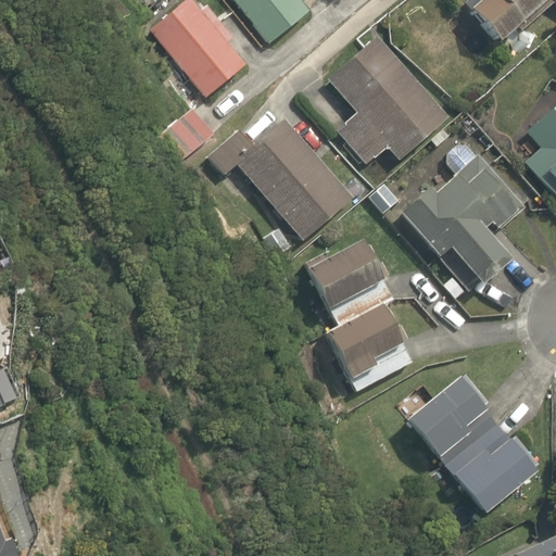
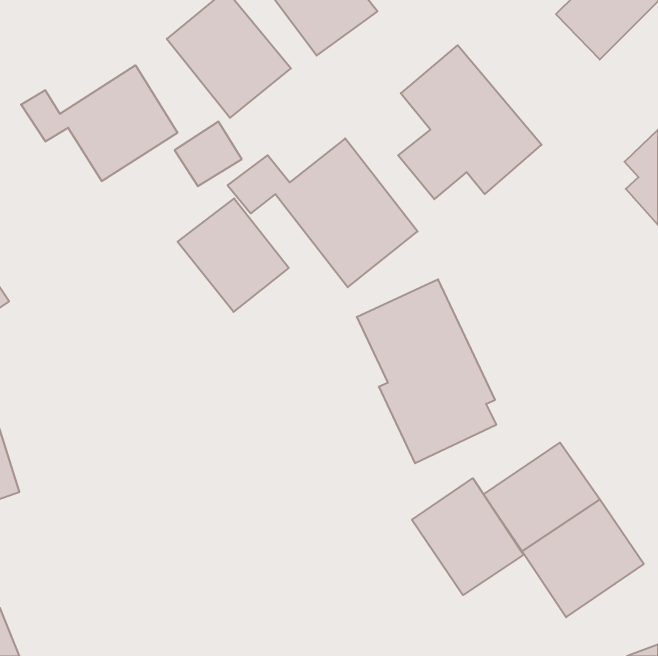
building: none -> [21,65,177,181]
building: [395,144,523,286] -> none
building: none -> [178,198,289,312]
building: none -> [412,478,524,595]

